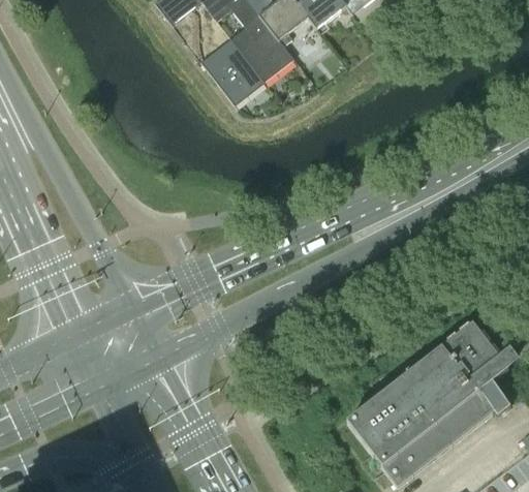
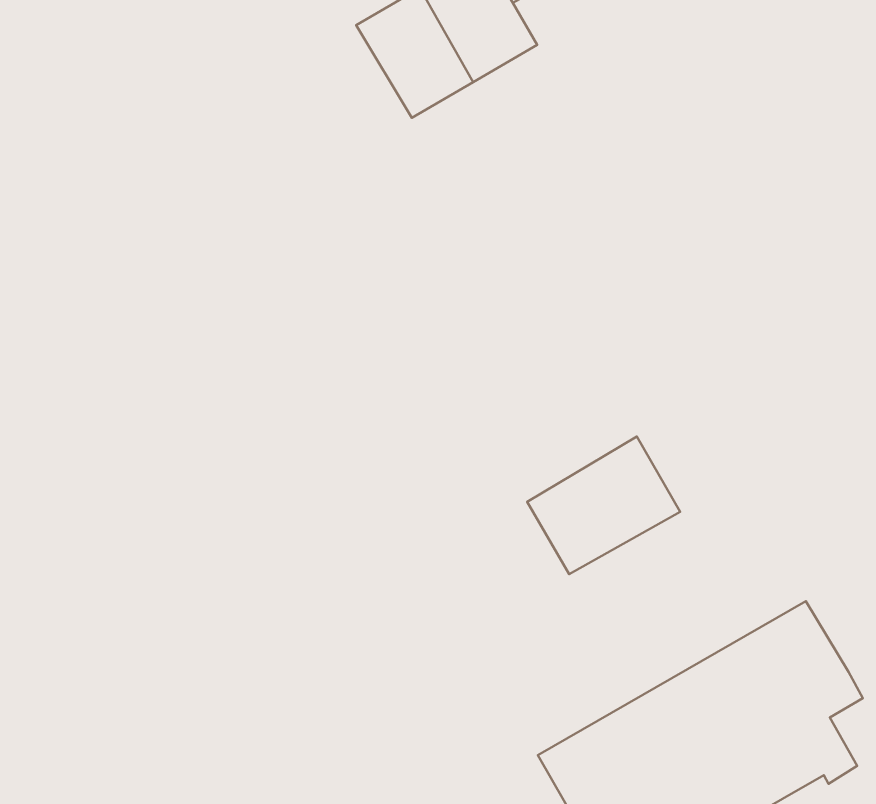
building: none -> [527,436,680,574]

